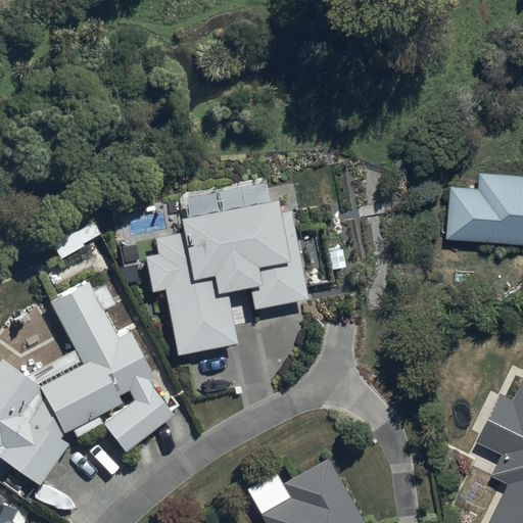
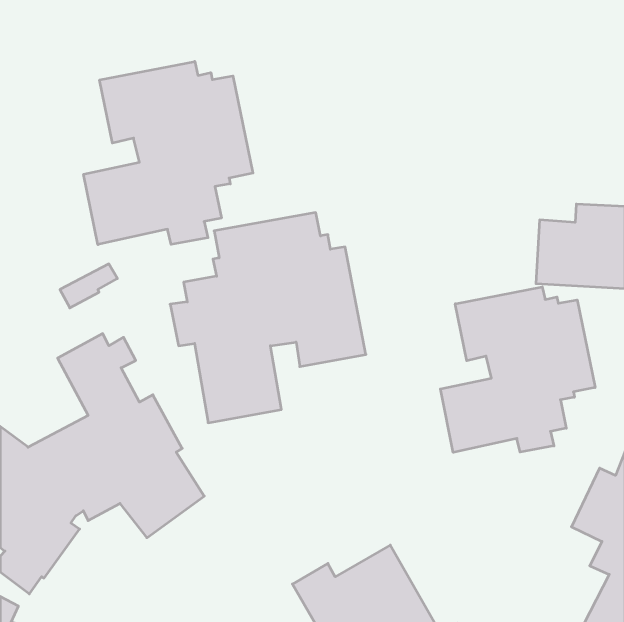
building: none -> [84,61,253,245]
building: none -> [440,287,595,452]

